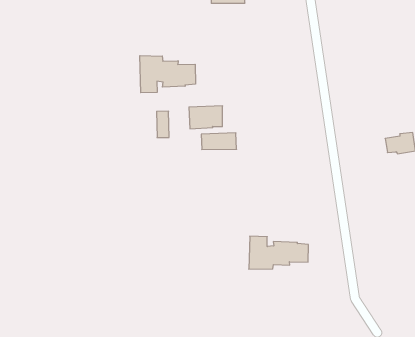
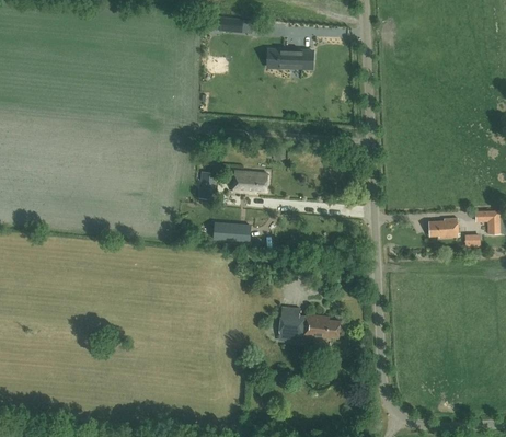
building: [140,56,195,93] -> none
building: [201,133,237,149] -> [214,222,250,241]

